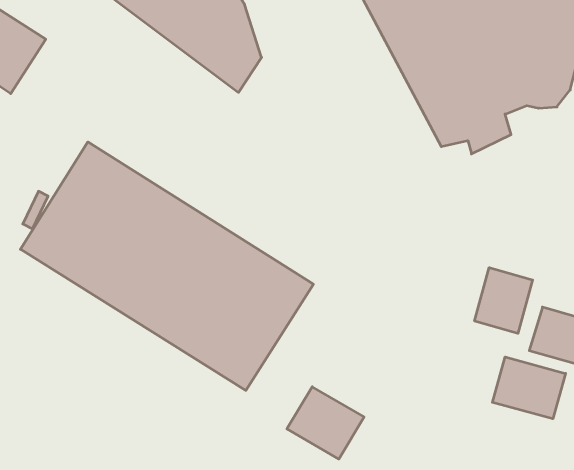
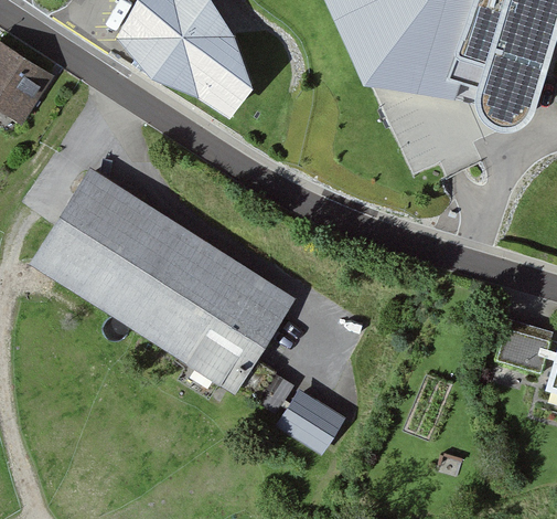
building: [475,268,533,333] -> none
building: [492,357,566,419] -> none

